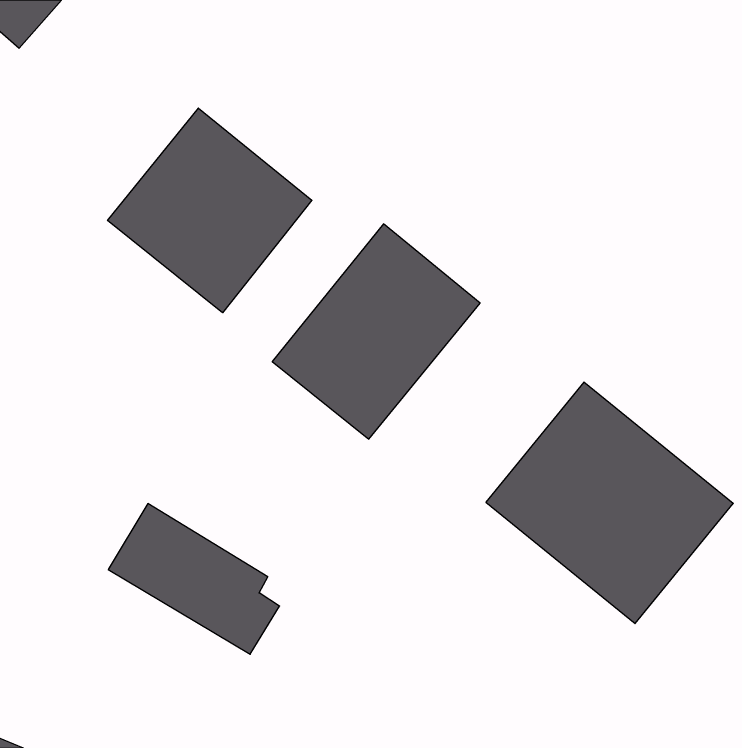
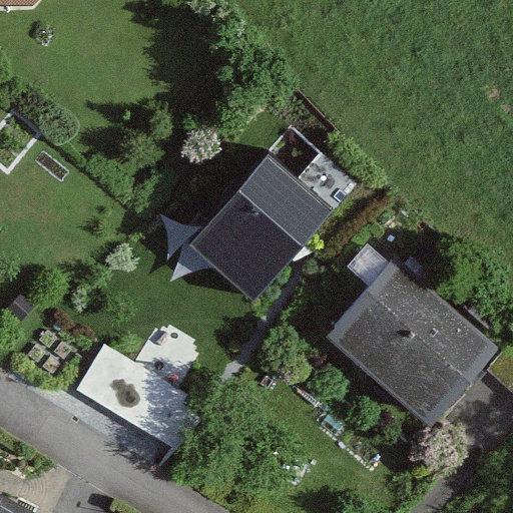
building: [108,108,312,313] -> none

